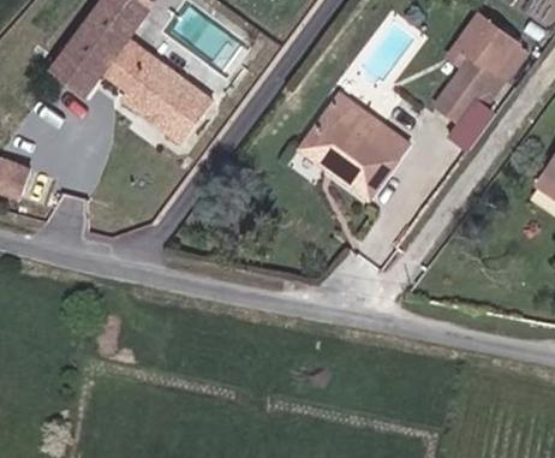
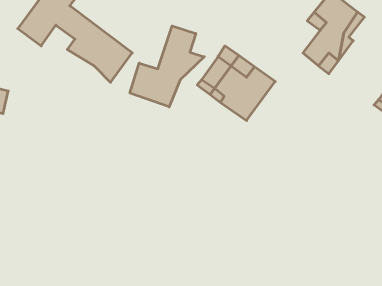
building: none -> [130,26,204,107]

